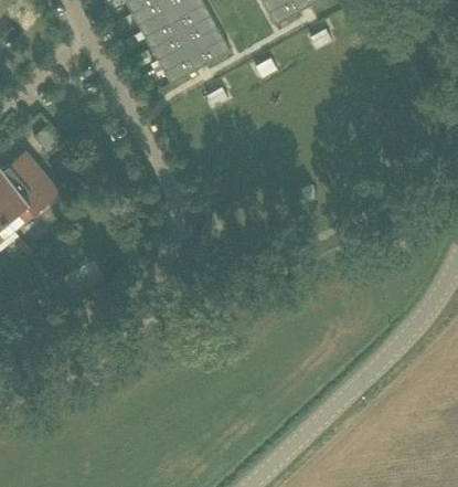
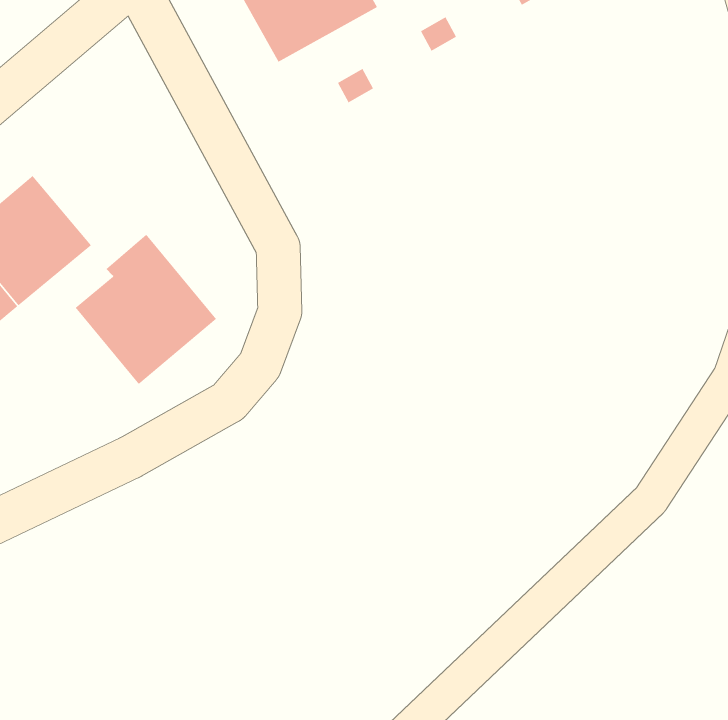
building: none -> [75,234,217,385]

